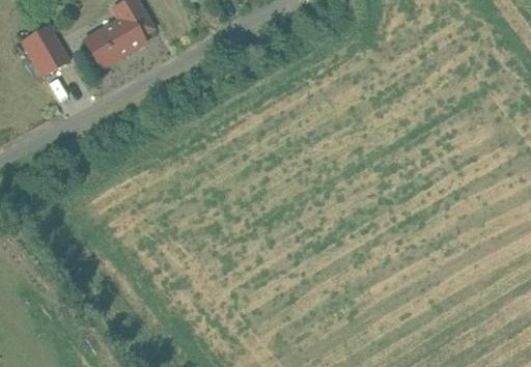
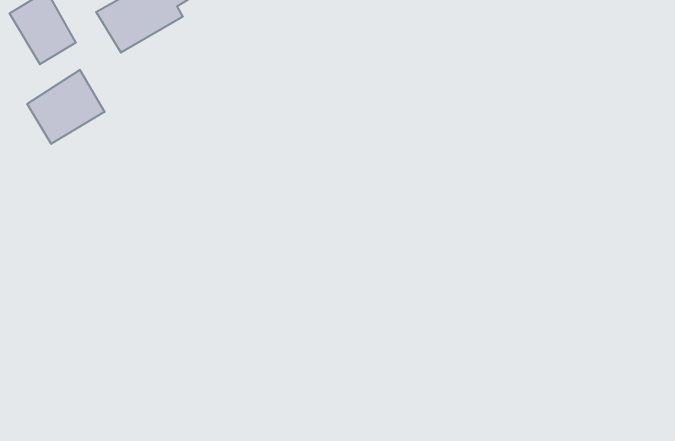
building: none -> [27,70,105,144]

